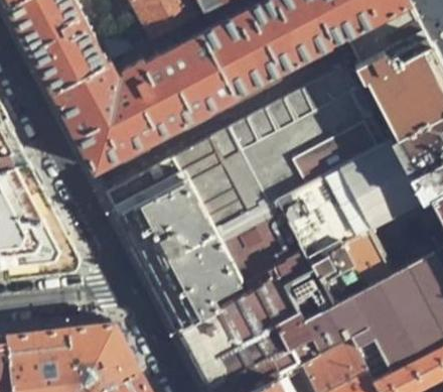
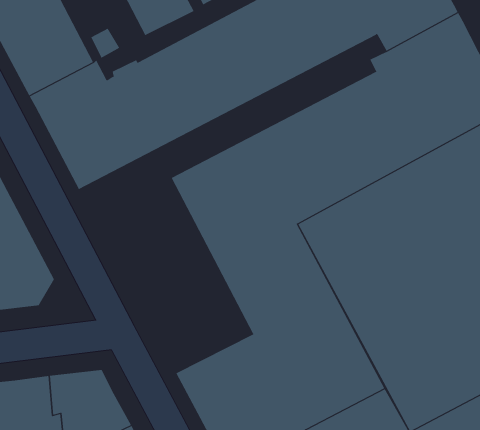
building: [107,160,242,326] -> none

